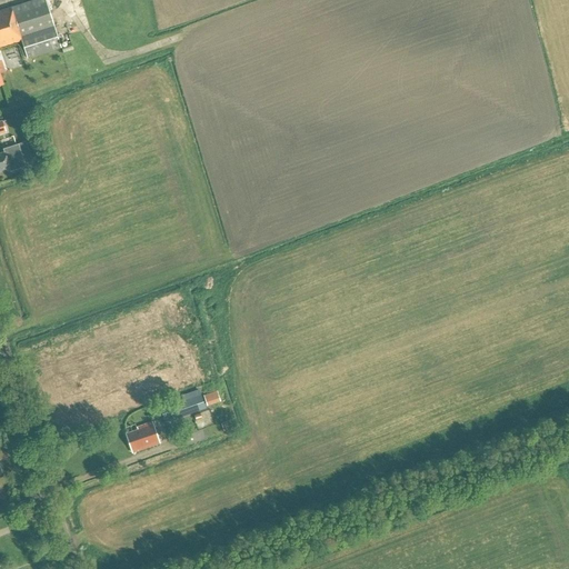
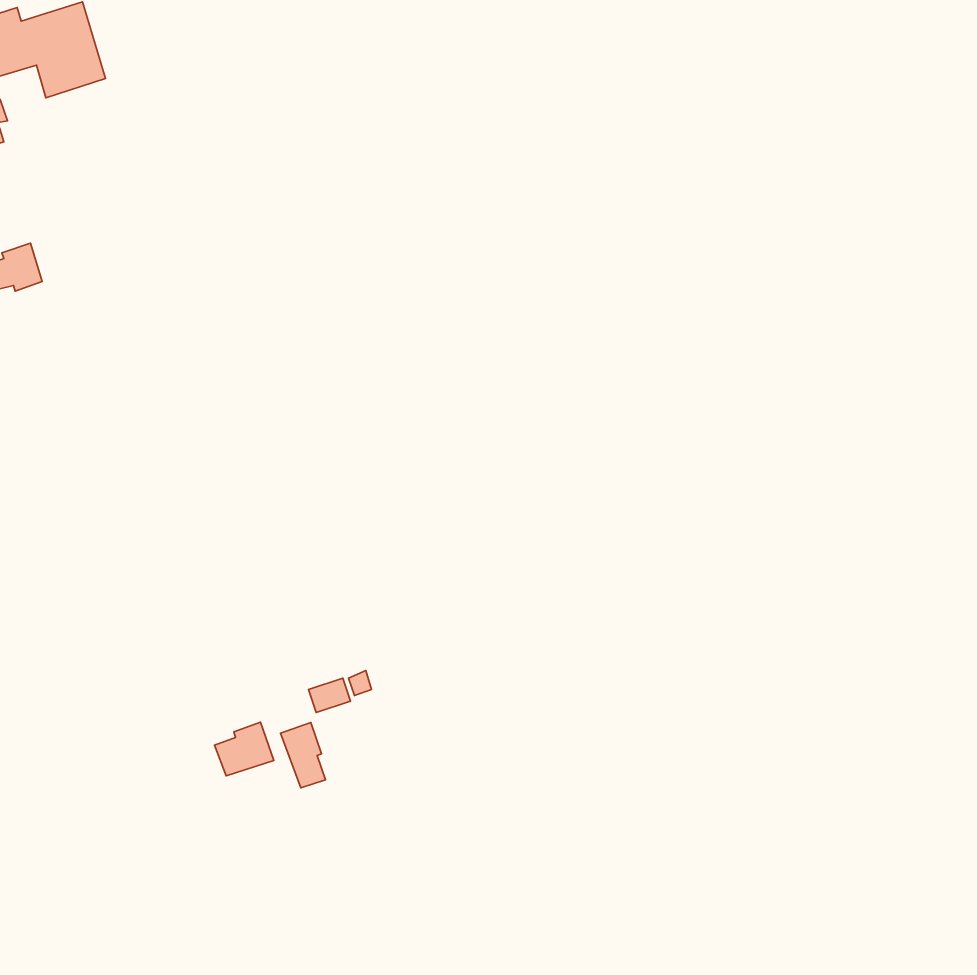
building: none -> [280,723,325,788]

